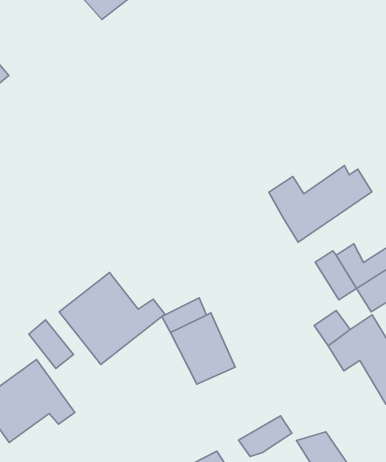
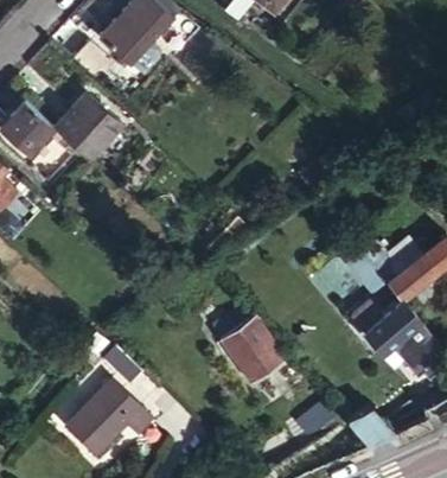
building: none -> [55,91,123,160]
building: [269,166,372,242] -> none
building: [59,272,165,365] -> none

